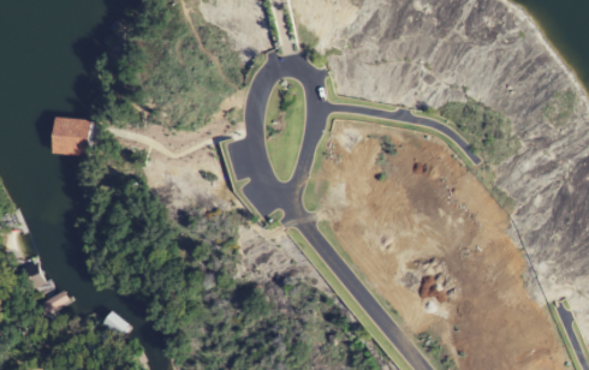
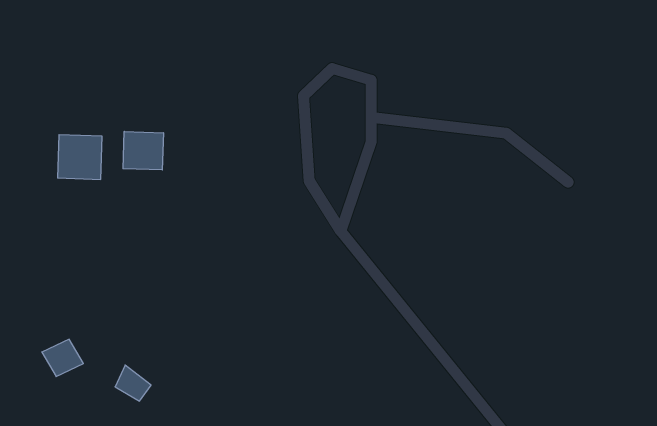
building: none -> [123,131,163,170]

